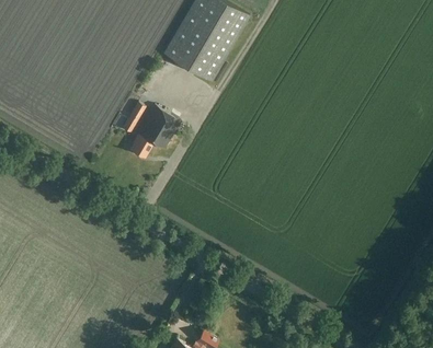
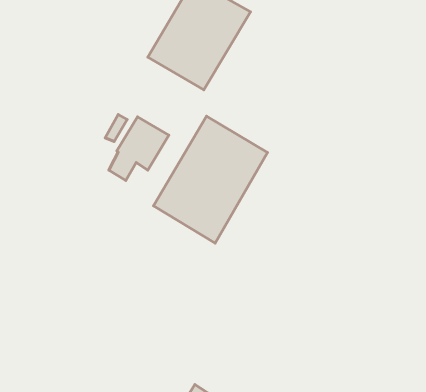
building: none -> [153,116,267,243]

